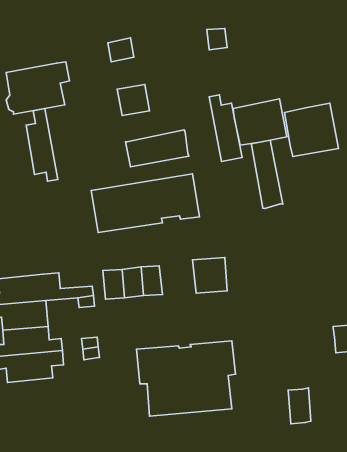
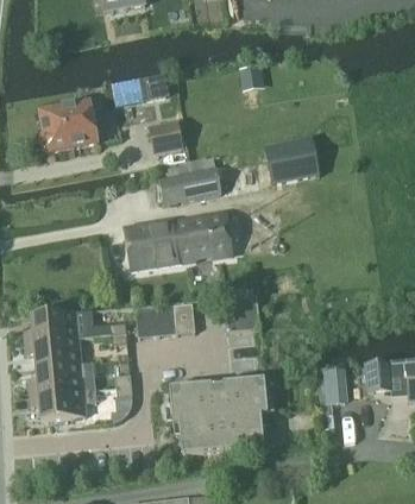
building: [209,95,242,161] -> none
building: [285,103,339,156] -> none
building: [26,108,58,181] -> none
building: [251,140,283,209] -> none
building: [288,388,311,424] -> [323,368,346,404]

